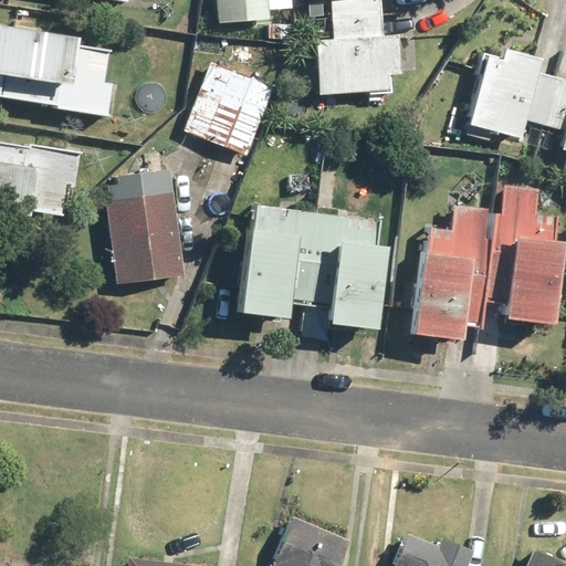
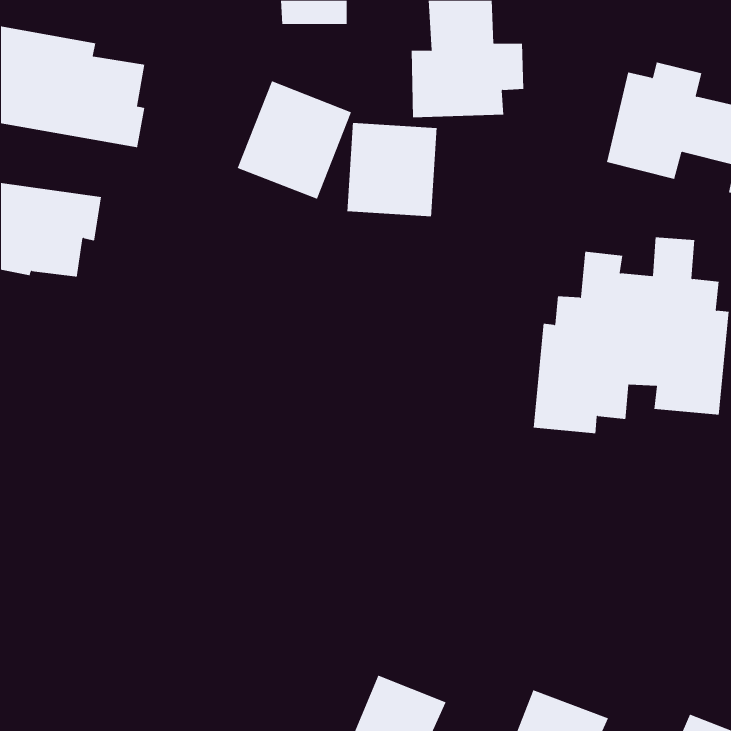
building: none -> [347,122,437,217]
building: [106,171,182,284] -> none
building: [242,211,384,325] -> none

